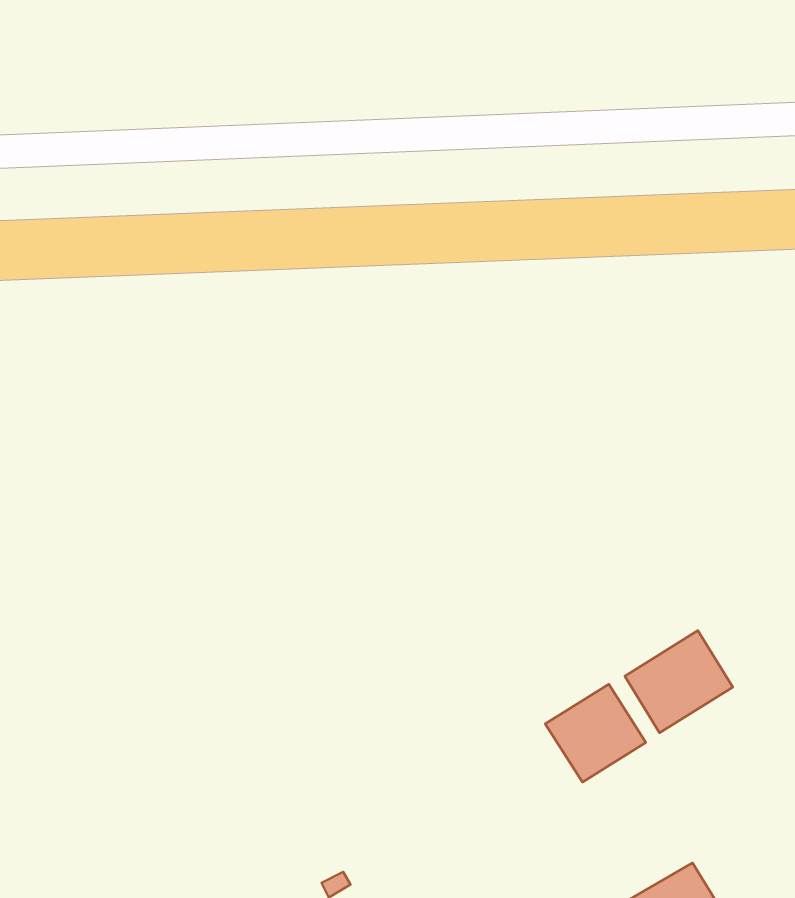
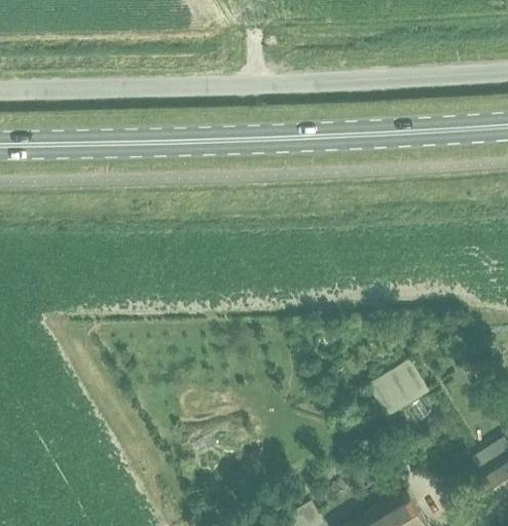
building: [545,684,646,782] -> none

